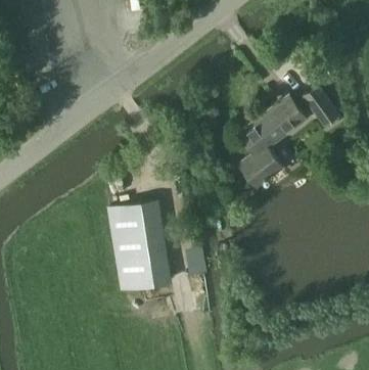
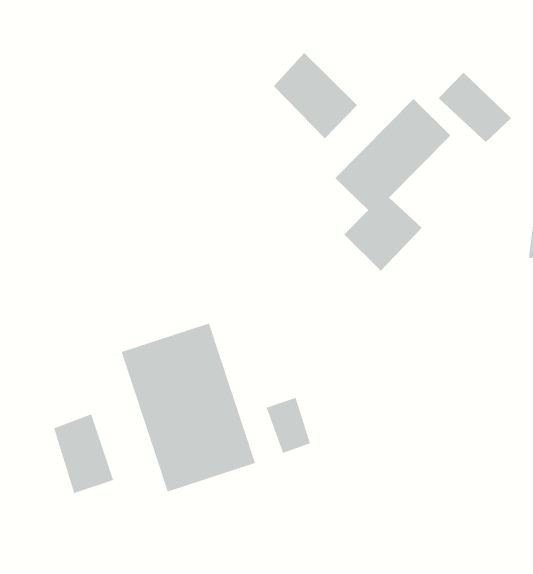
building: none -> [273,52,358,139]
building: none -> [53,413,114,494]

